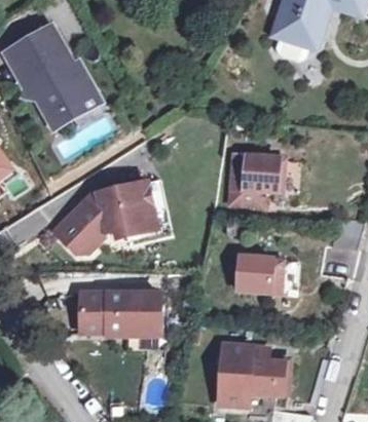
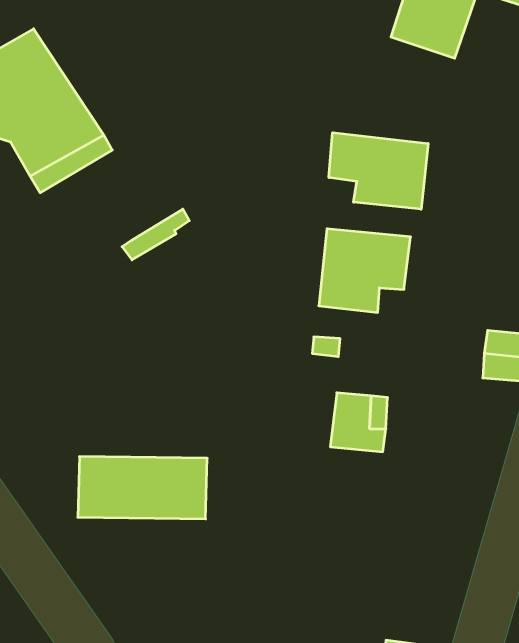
building: none -> [329,133,428,209]
building: [52,182,152,255] -> none
building: [220,346,284,407] -> none

